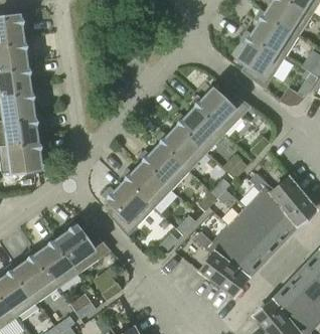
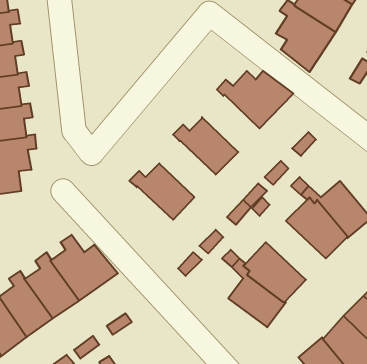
building: [172,107,224,153] -> none
building: [138,144,189,189] -> none
building: [103,180,155,235] -> none
building: [229,208,278,256] -> none

